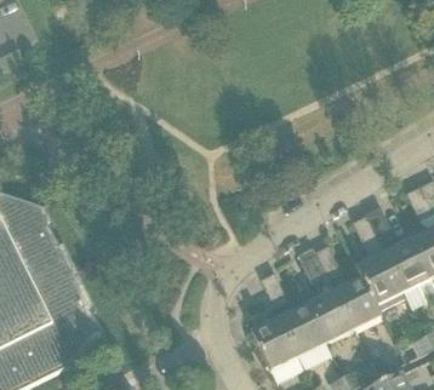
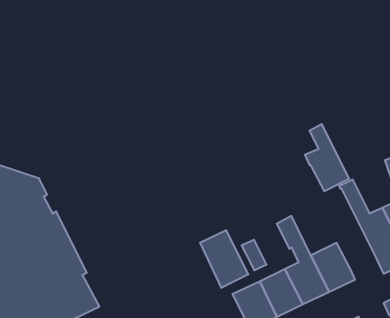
building: [355,233,402,304] -> [305,124,349,191]
building: none -> [200,230,248,288]

